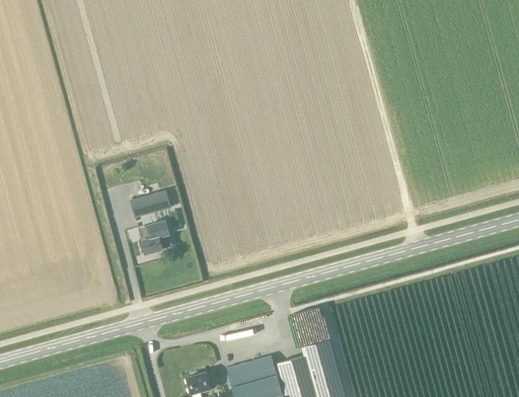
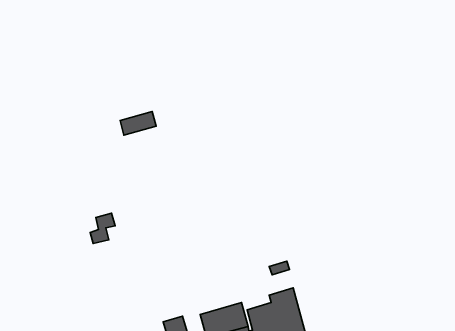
building: [131,190,170,217] -> [120,111,156,135]
building: [142,220,169,253] -> [90,213,115,243]

